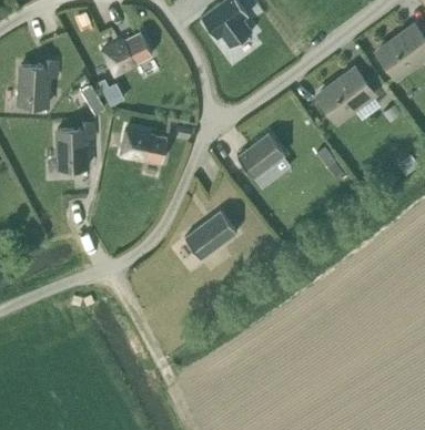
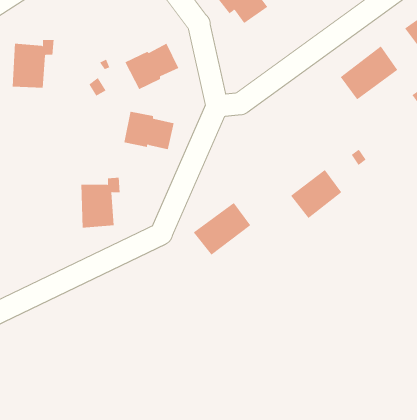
building: [101,32,151,75] -> [124,43,179,90]
building: [57,123,93,170] -> [80,177,121,228]
building: [236,133,284,178] -> [290,169,342,219]

